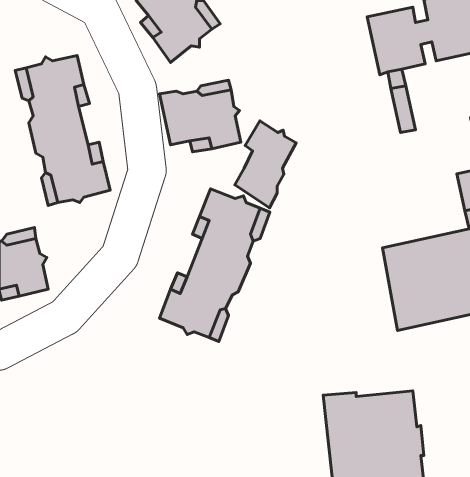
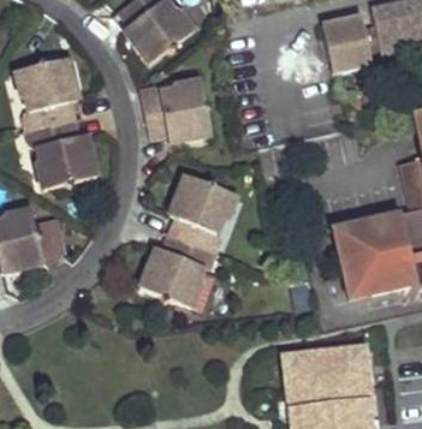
building: [235,121,296,208] -> none

